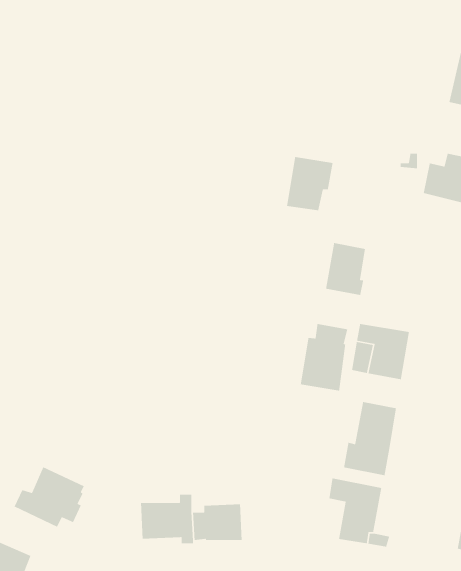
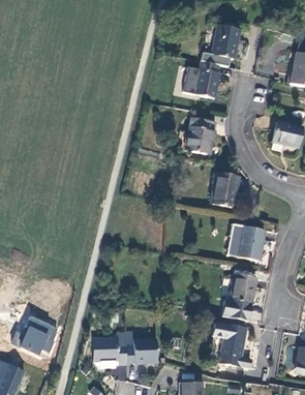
building: none -> [212,24,240,58]
building: none -> [183,60,220,98]
building: [300,323,348,392] -> none

